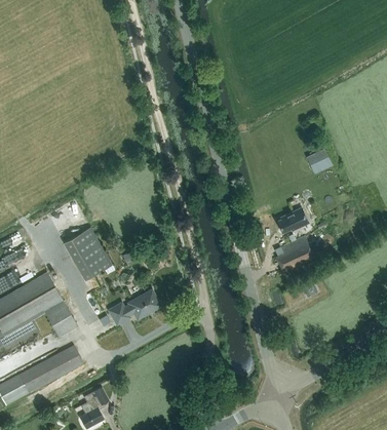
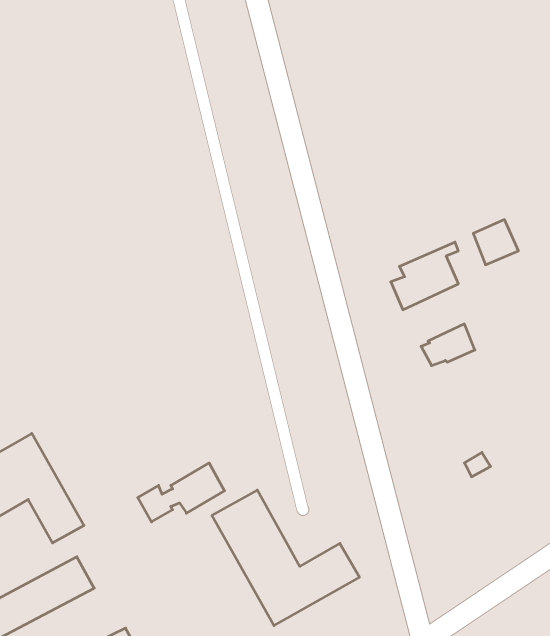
building: [63,227,111,280] -> none
building: [274,233,314,273] -> [391,242,458,310]
building: none -> [212,490,359,626]

